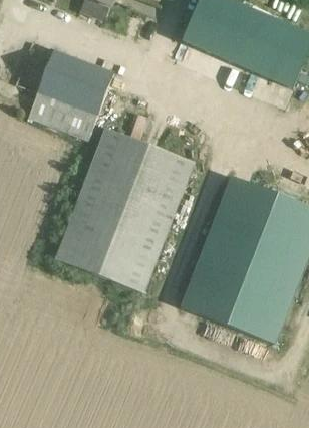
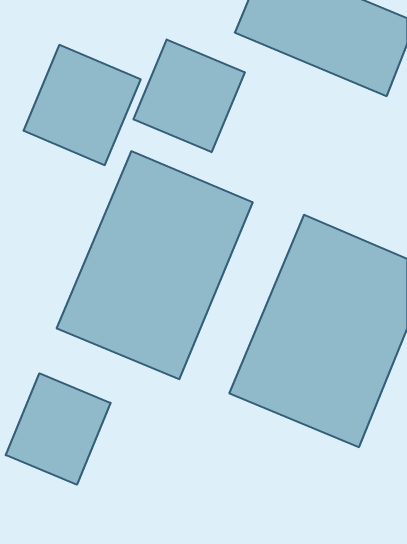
building: none -> [134,39,245,152]
building: none -> [6,373,111,485]

